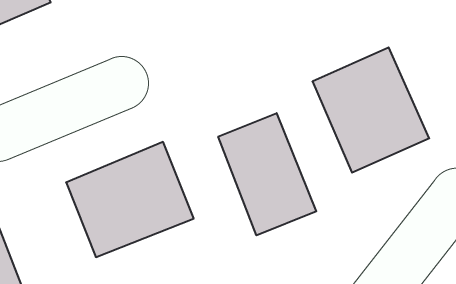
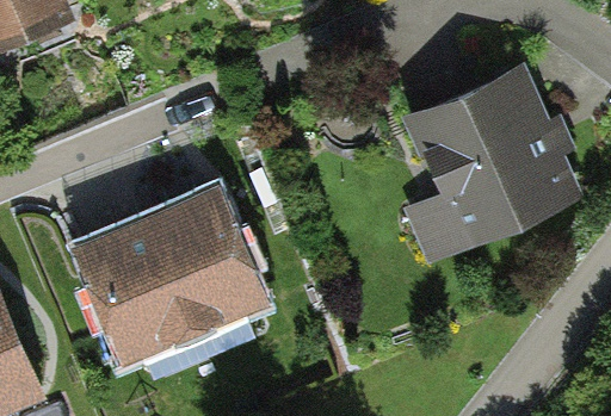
building: [218,113,316,235] -> none

